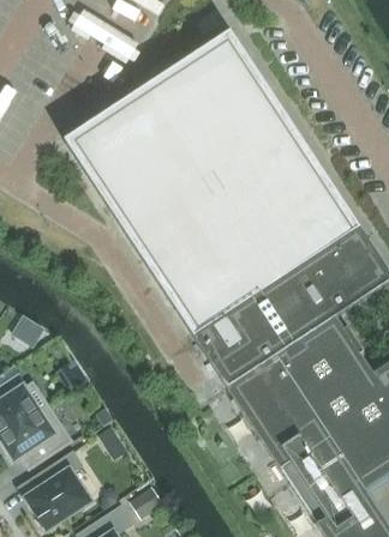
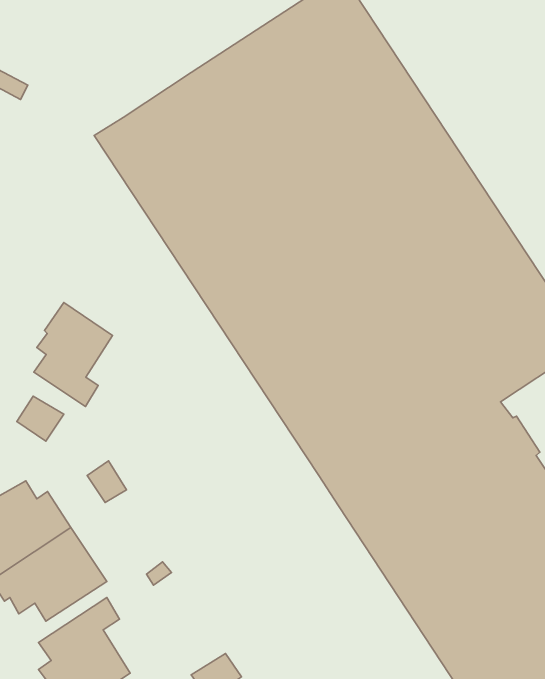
building: none -> [34,302,113,406]

